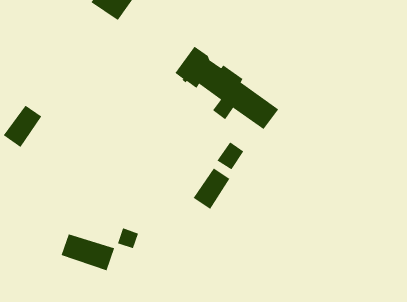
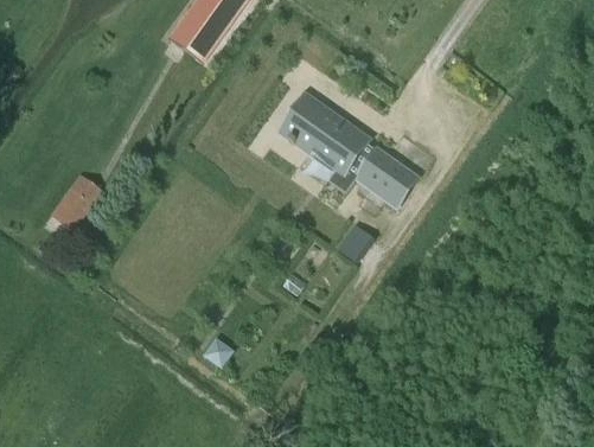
building: [193,167,230,210] -> none
building: [61,233,115,271] -> none

